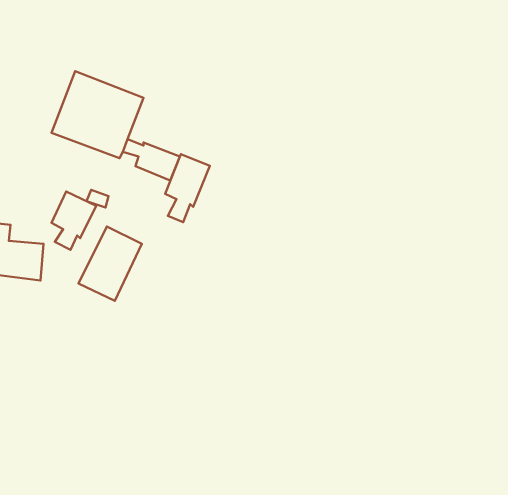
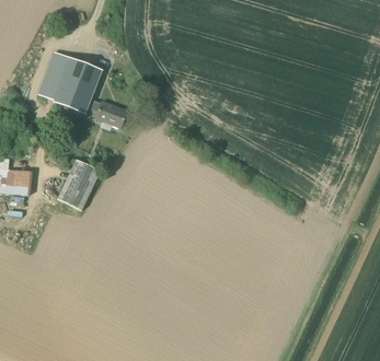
building: [165,154,210,222] -> none
building: [52,191,96,250] -> none

